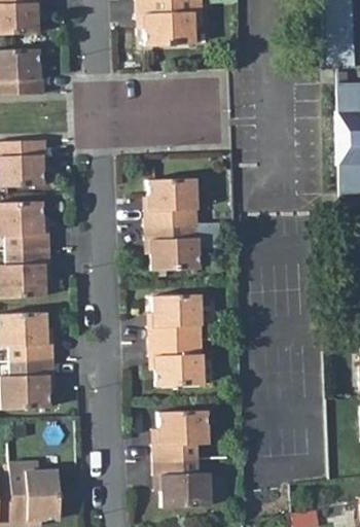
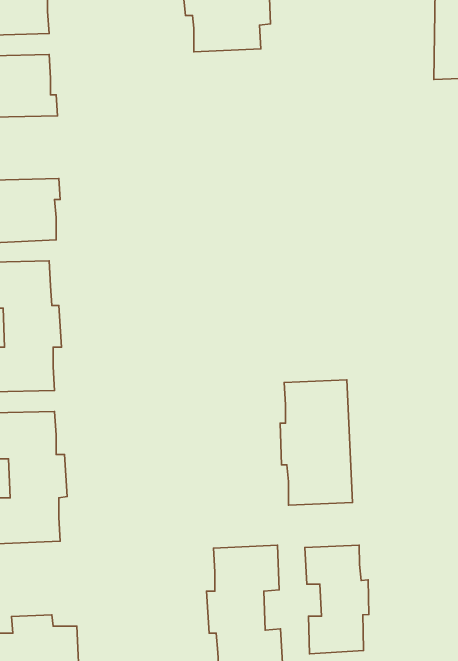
building: [146,178,199,271] -> none
building: [150,294,204,387] -> [280,380,352,505]
building: none -> [305,545,369,654]

